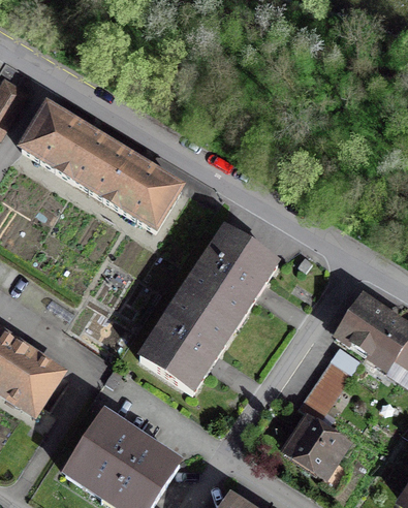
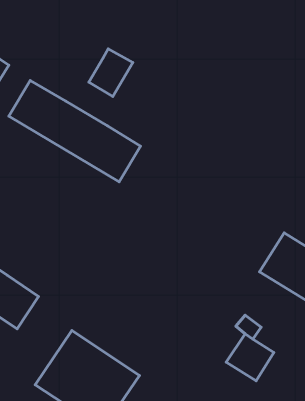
building: none -> [89,49,133,96]
building: [143,228,278,386] -> none
building: [311,356,352,405] -> none

